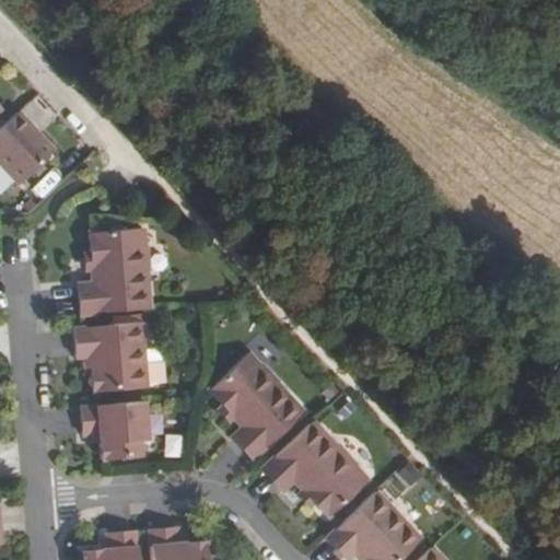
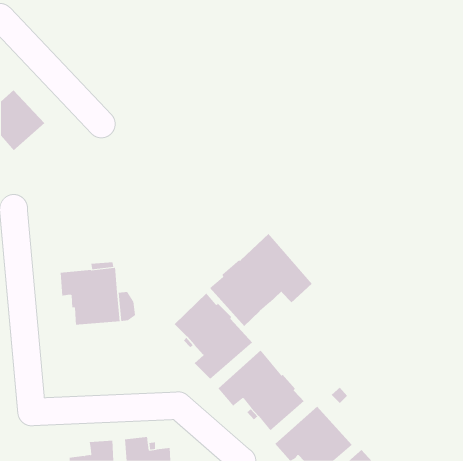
building: [81,230,153,315] -> none
building: none -> [209,233,312,327]
building: [83,404,149,460] -> none

